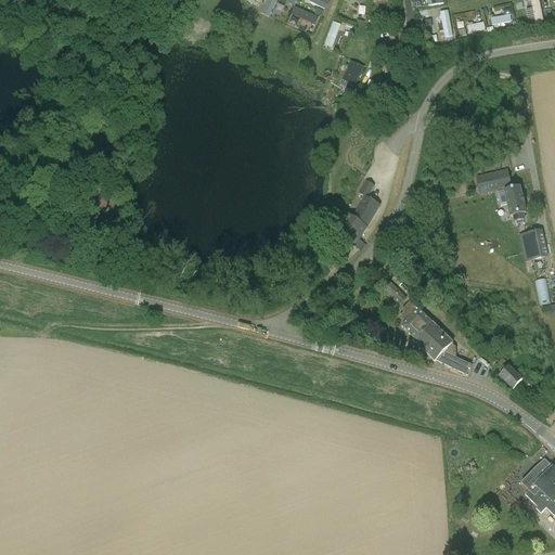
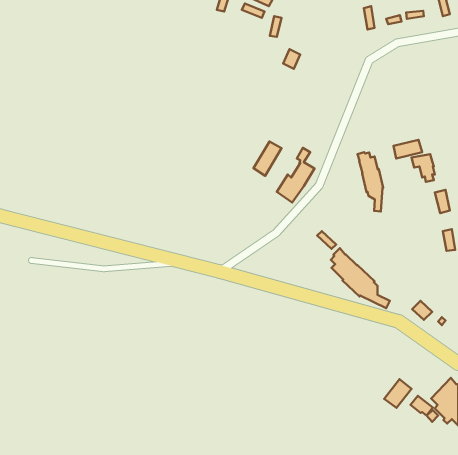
building: none -> [253,141,281,176]
building: none -> [357,152,383,211]
building: none -> [384,379,411,408]

